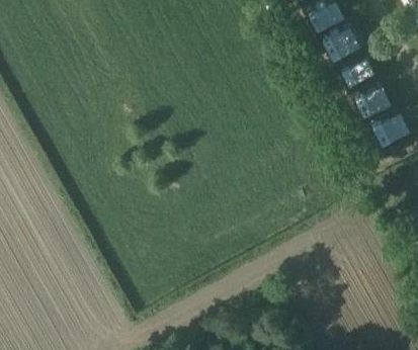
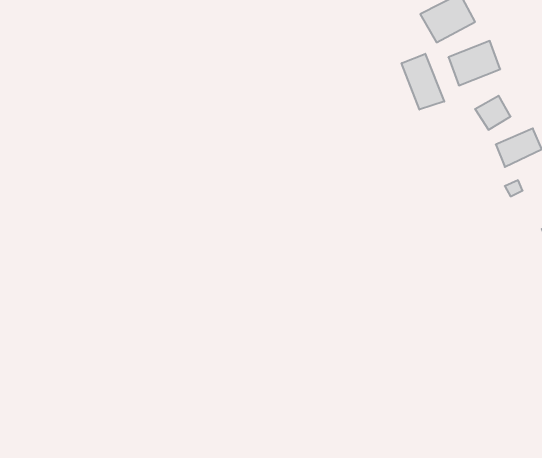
building: none -> [402,54,444,110]

